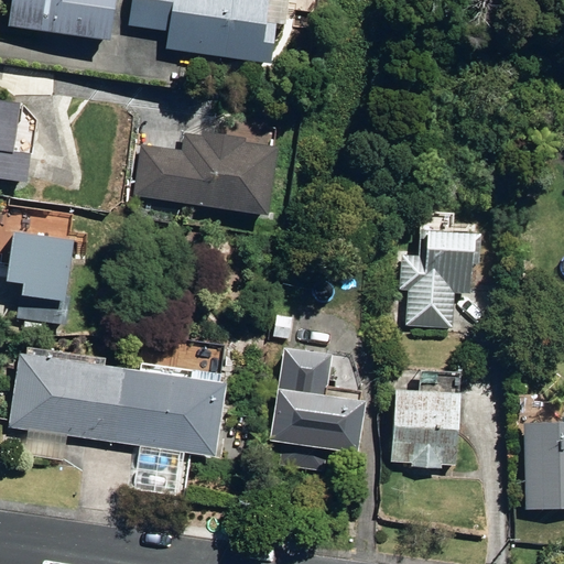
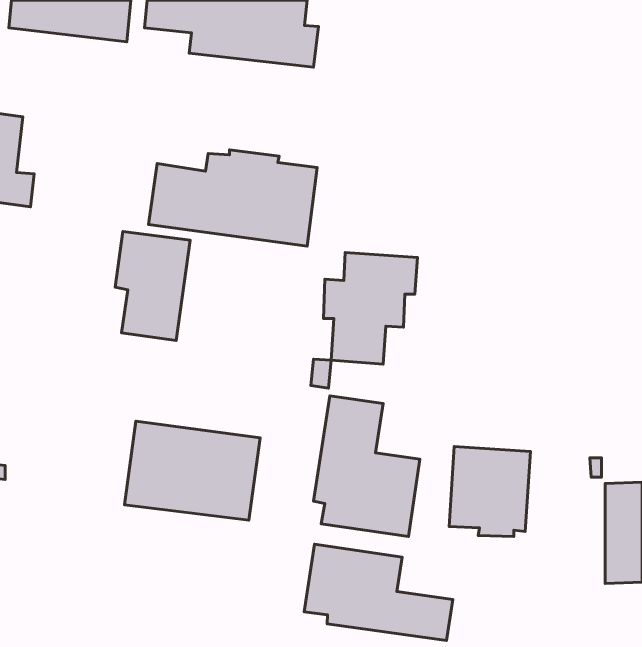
building: [10,229,75,324] -> [115,231,190,340]
building: [398,229,479,326] -> [324,252,417,364]
building: [8,352,118,440] -> none
building: none -> [304,544,453,641]

